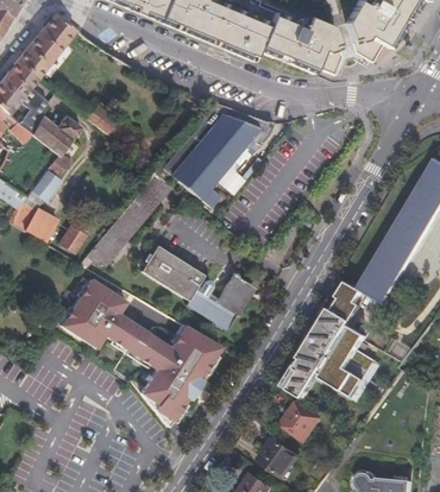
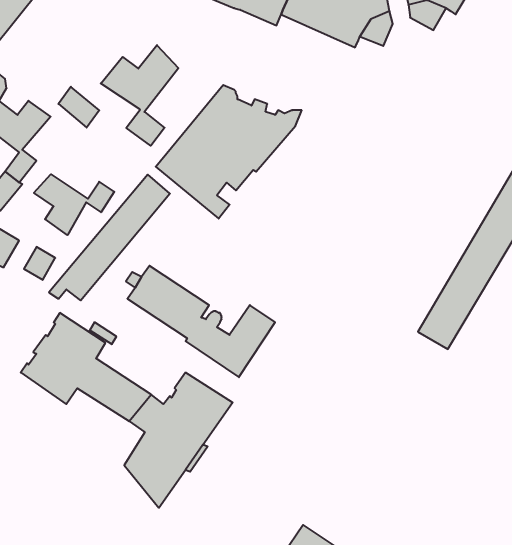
building: none -> [101,45,178,146]
building: none -> [34,174,114,235]
building: [282,285,376,397] -> none
building: [279,402,319,441] -> none

